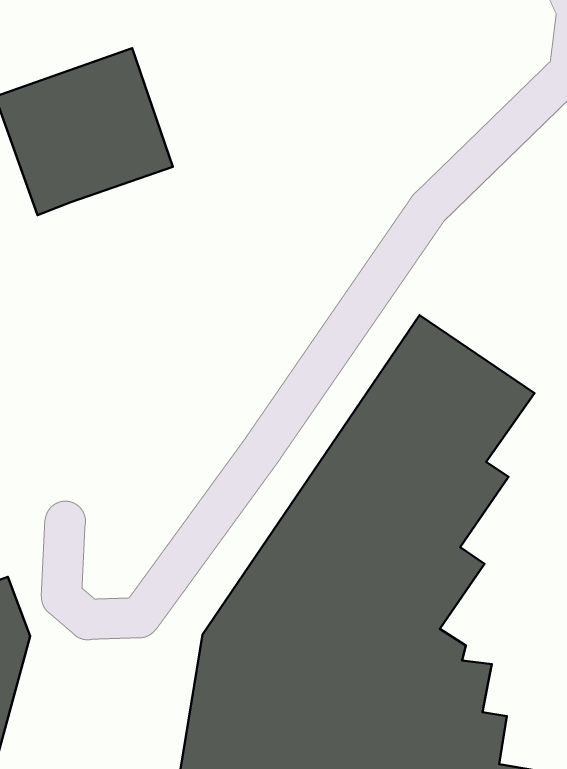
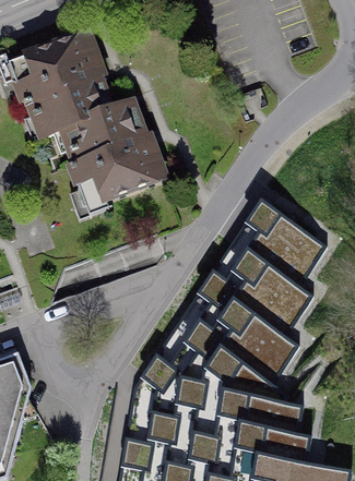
building: none -> [56,107,161,209]

